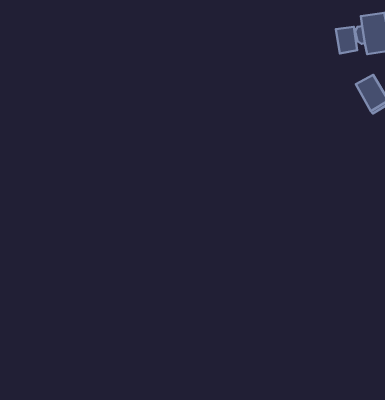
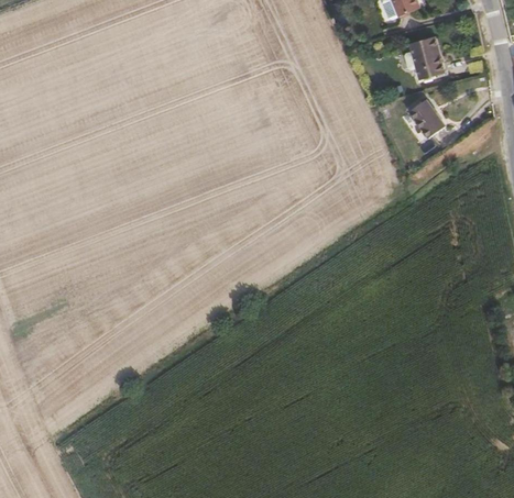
building: [336,27,357,53] -> none

